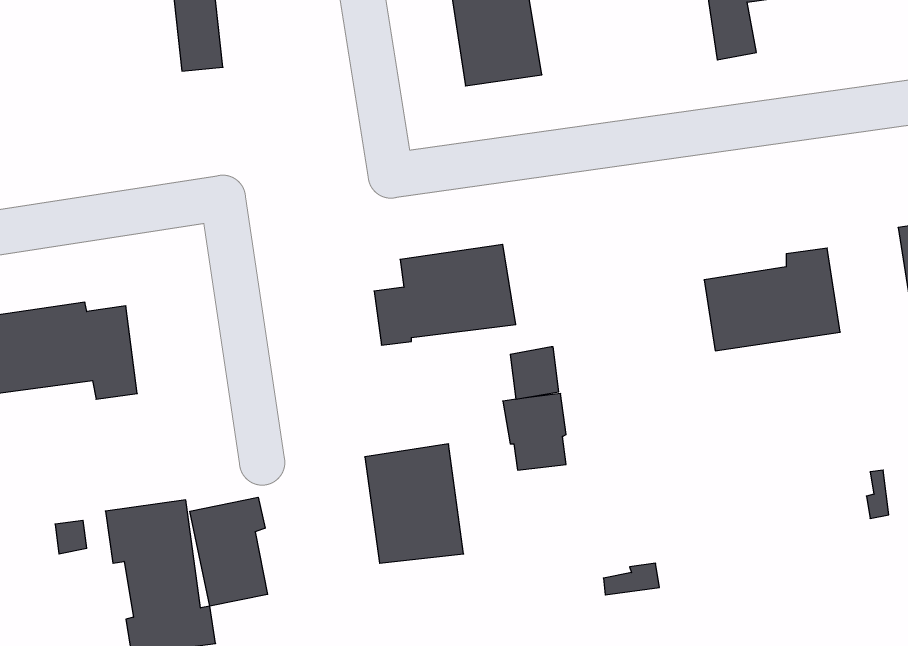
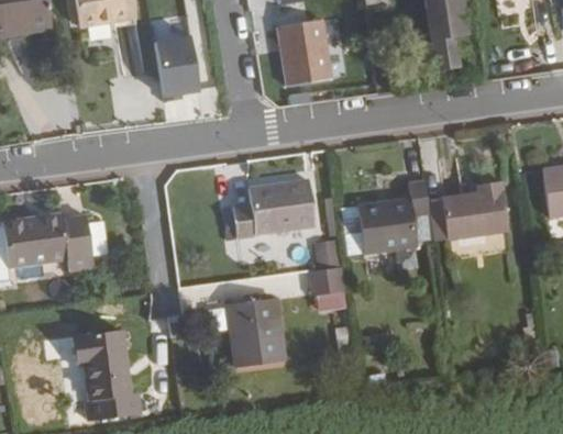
building: none -> [158,38,203,100]
building: none -> [341,179,434,254]
building: [190,497,268,606] -> none

